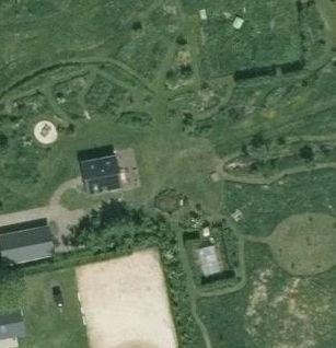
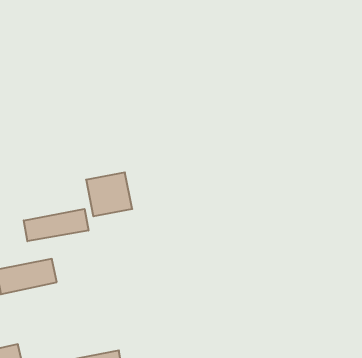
building: none -> [24,209,88,241]

